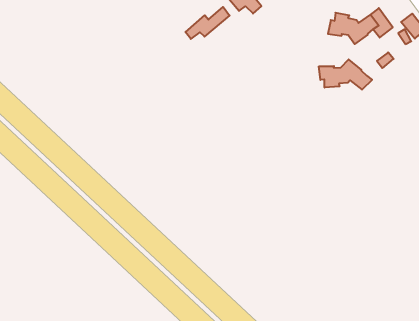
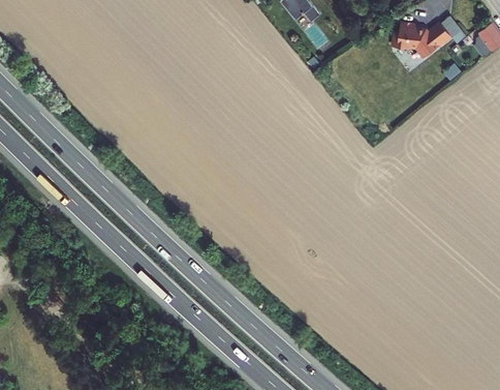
building: [185,7,230,39] -> none
building: [319,59,372,90] -> none

